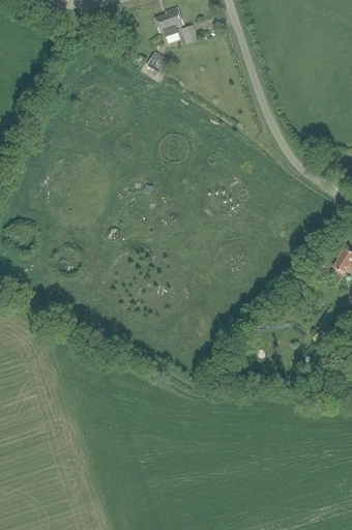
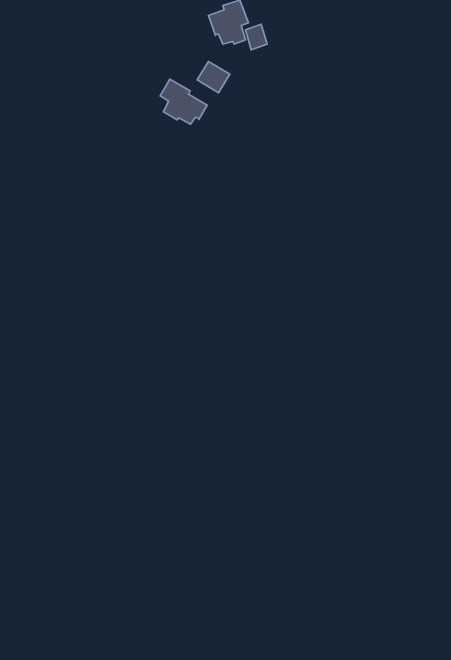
building: none -> [160,79,207,124]

